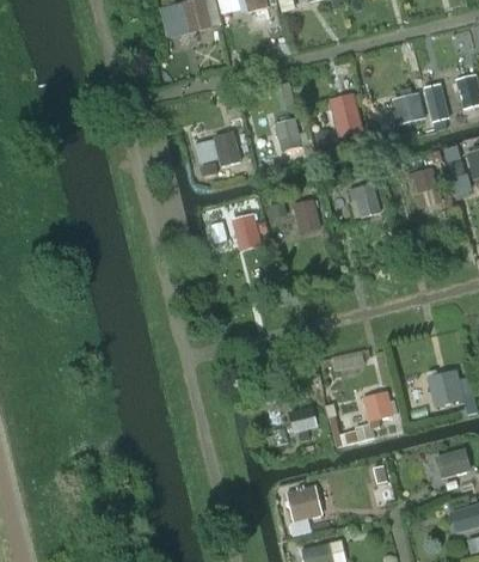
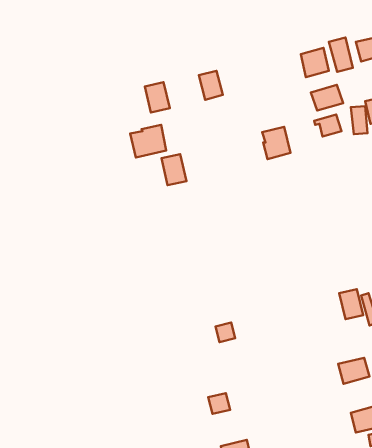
building: [331,98,360,136] -> none
building: none -> [311,85,343,111]
building: none -> [130,125,166,158]
building: [290,198,320,236] -> none
building: [360,392,392,423] -> none

